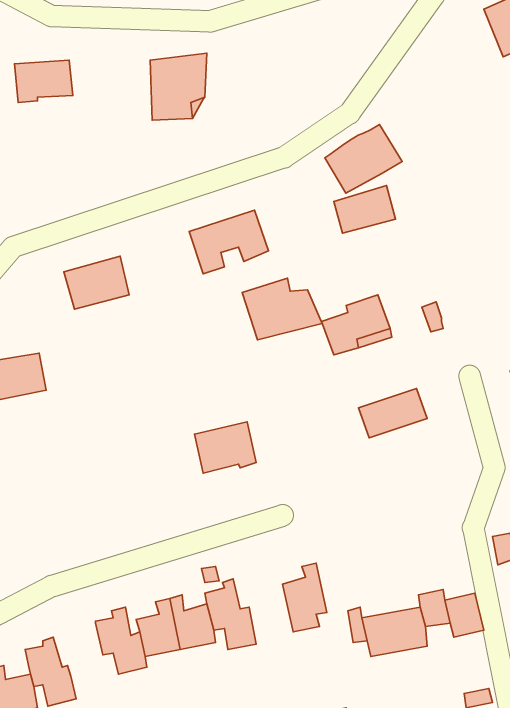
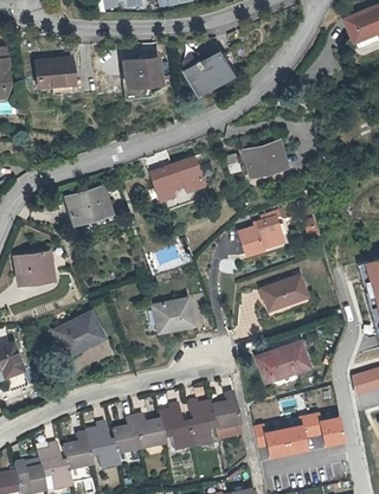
building: [325,124,402,193] -> [181,46,233,92]
building: [242,278,322,340] -> none
building: none -> [53,313,103,353]
building: none -> [258,341,311,381]
building: none -> [188,402,219,448]
building: none -> [64,434,92,469]

